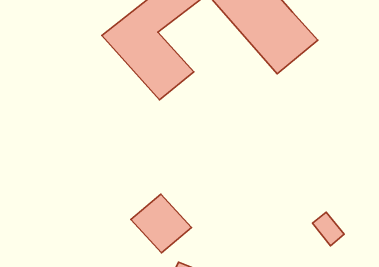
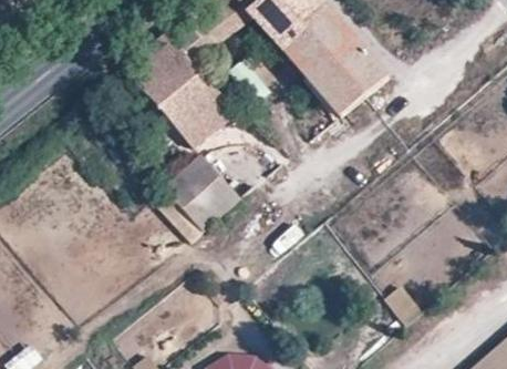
building: [131,194,191,253] -> [167,160,241,232]

